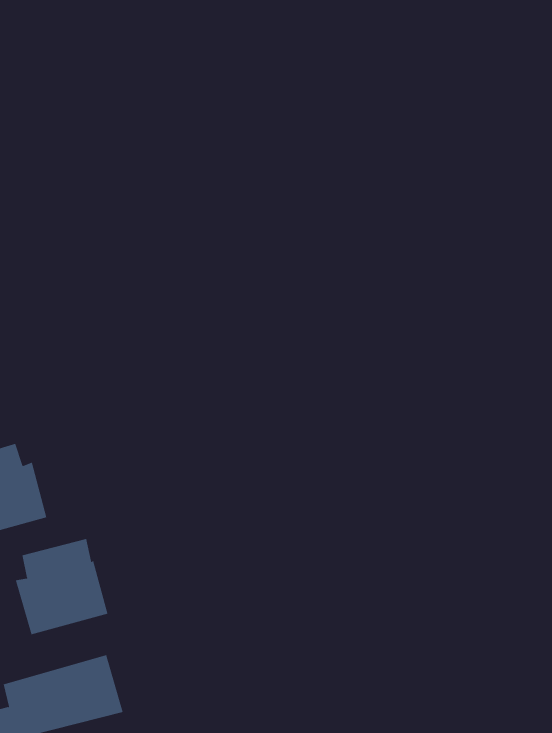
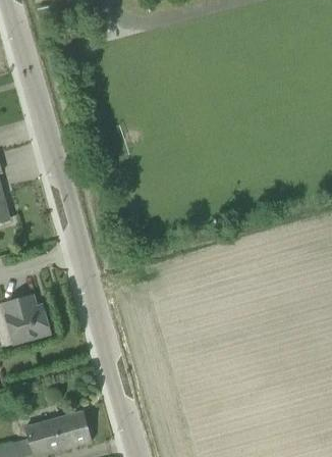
building: [15,538,108,635] -> none

